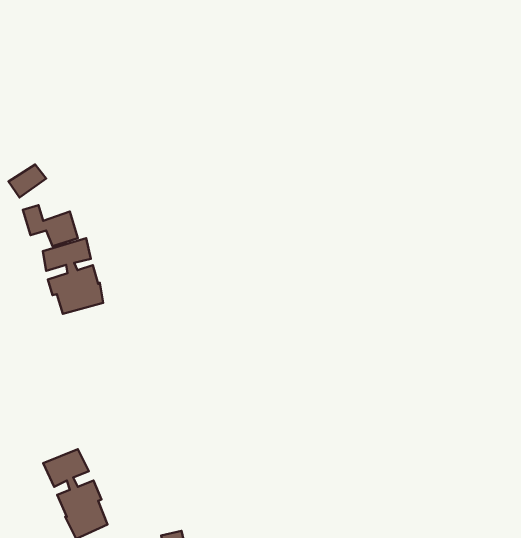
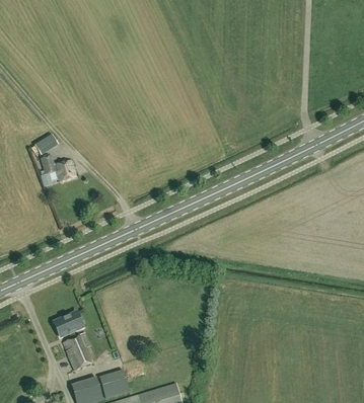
building: [43,238,103,314] -> none

